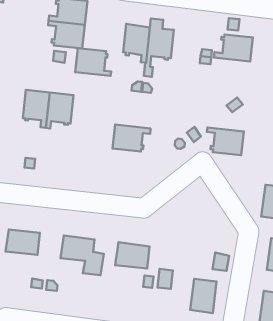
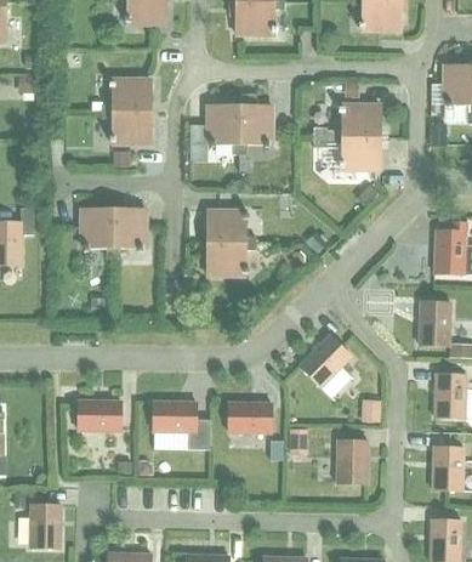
building: [75,48,111,76] -> [207,209,256,242]
building: [207,127,244,155] -> [331,136,381,169]
building: none -> [300,334,352,386]

